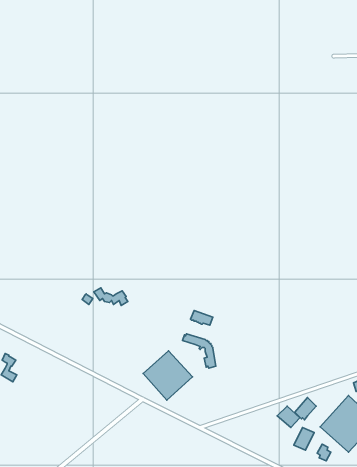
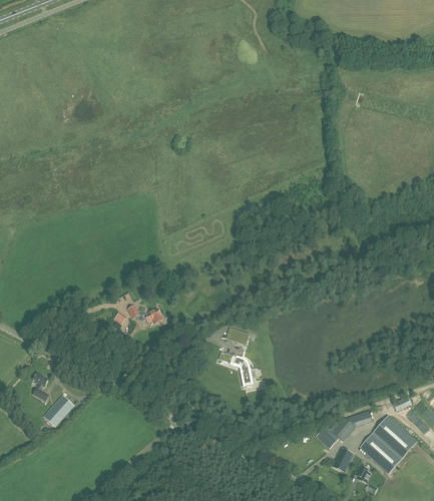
building: [143,351,192,400] -> none
building: none -> [43,394,74,426]

